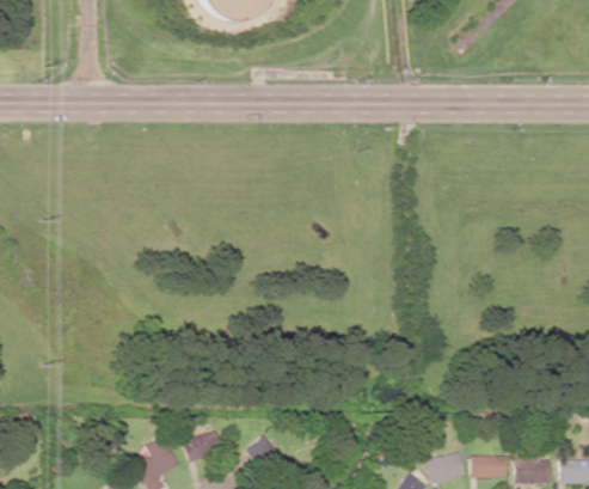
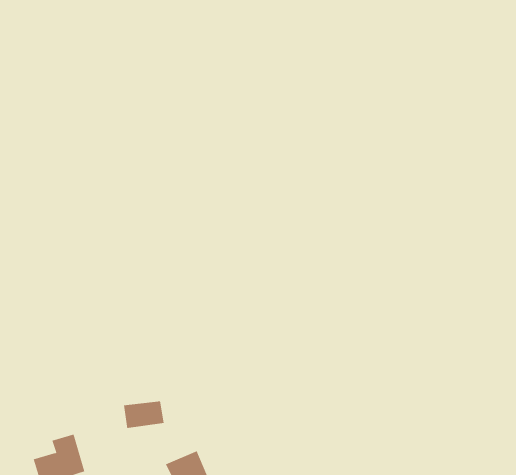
building: [184,434,221,462] -> [123,401,165,429]

